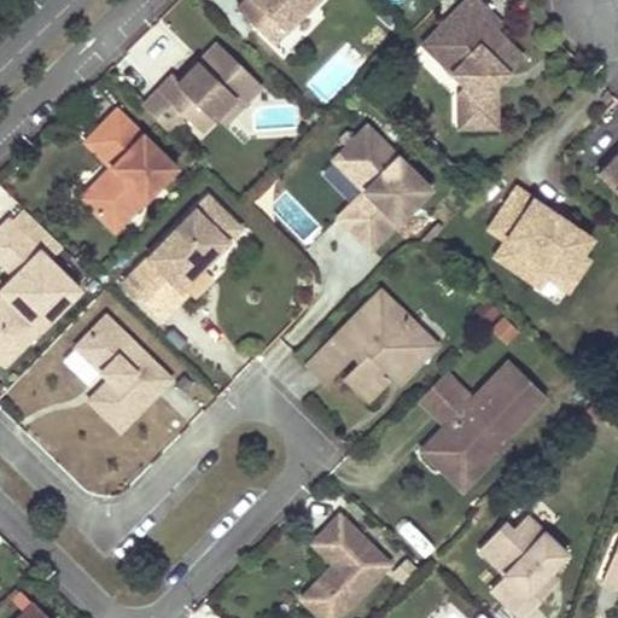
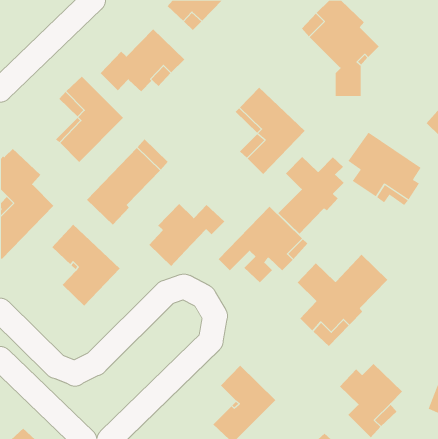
building: none -> [278,156,345,234]
building: none -> [148,203,225,267]

